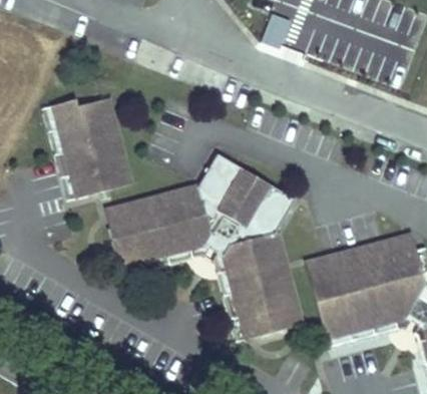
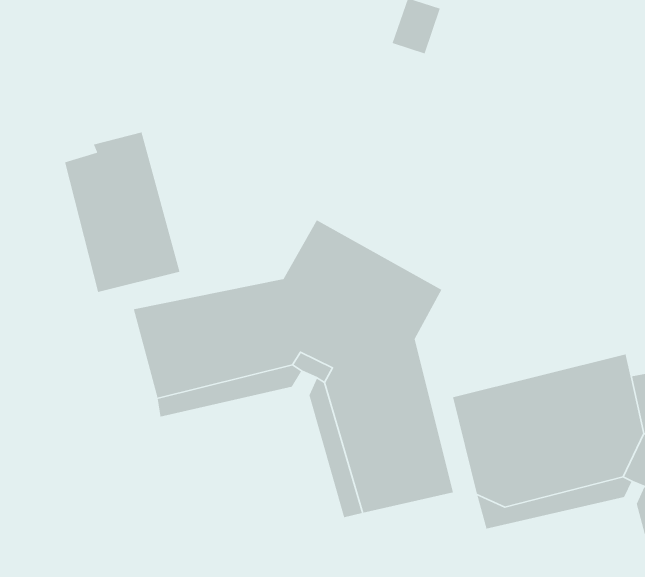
building: [44,97,81,199] -> none

